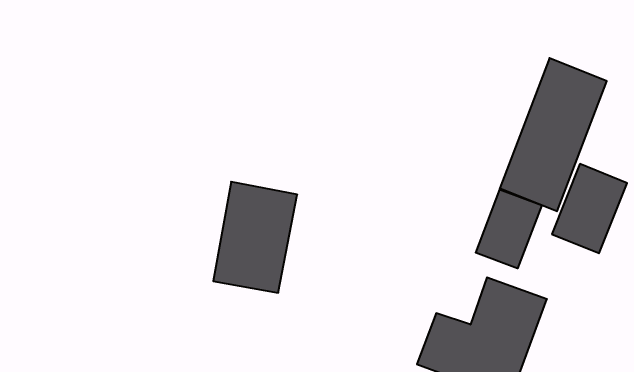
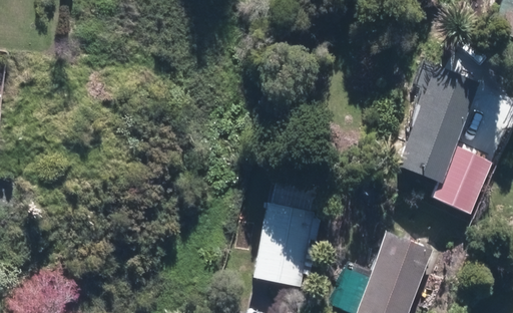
building: [213,182,297,293] -> [251,201,318,288]
building: [476,189,542,268] -> none

